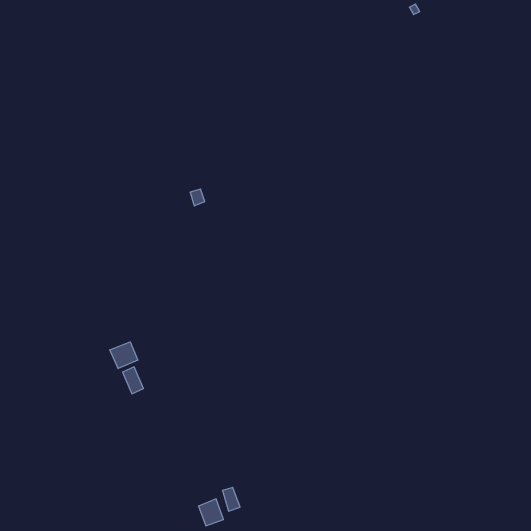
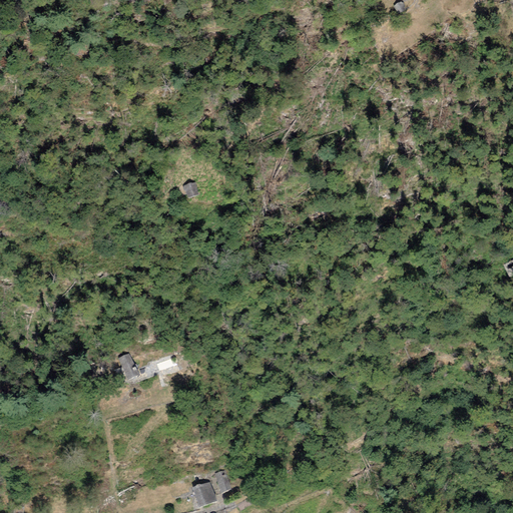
building: [110,342,138,369] -> none

